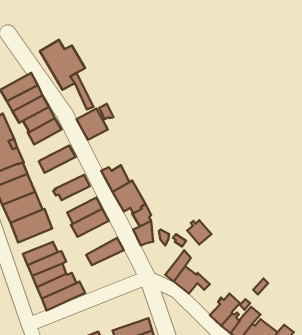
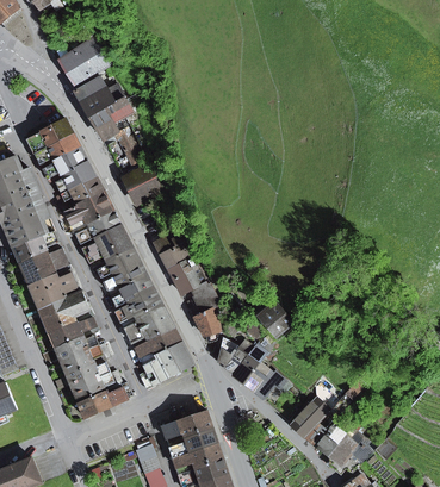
building: none -> [55,32,110,85]
building: none -> [63,189,112,229]
building: none -> [81,224,131,267]
building: none -> [103,261,147,294]
building: none -> [123,305,173,348]
building: none -> [48,314,97,346]
building: none -> [217,337,254,373]
building: none -> [138,342,193,388]
building: none -> [162,411,212,443]

